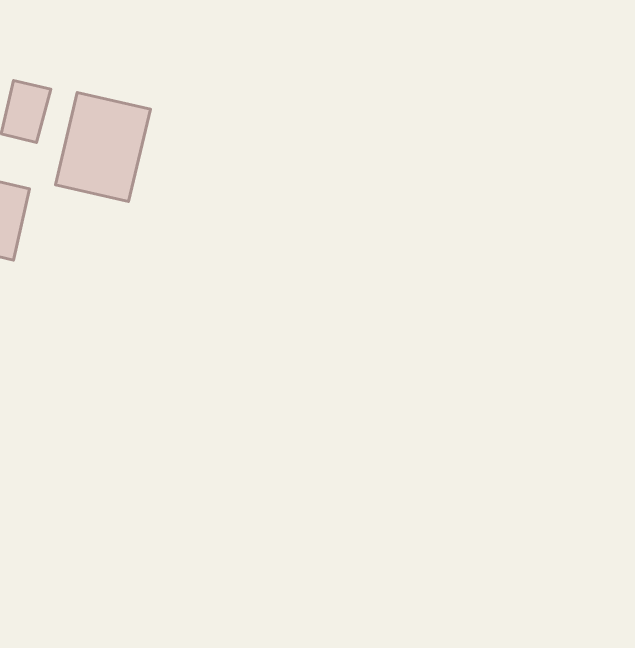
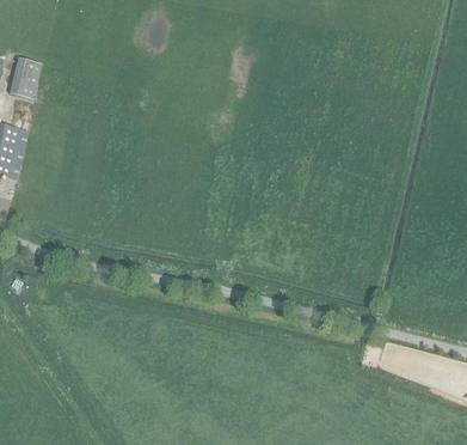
building: [55,93,151,201] -> none

